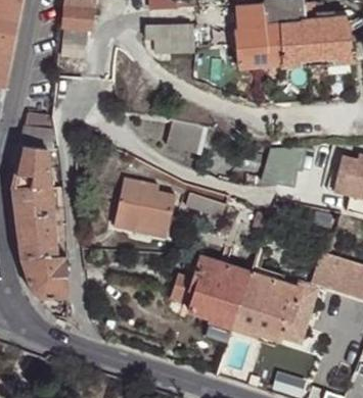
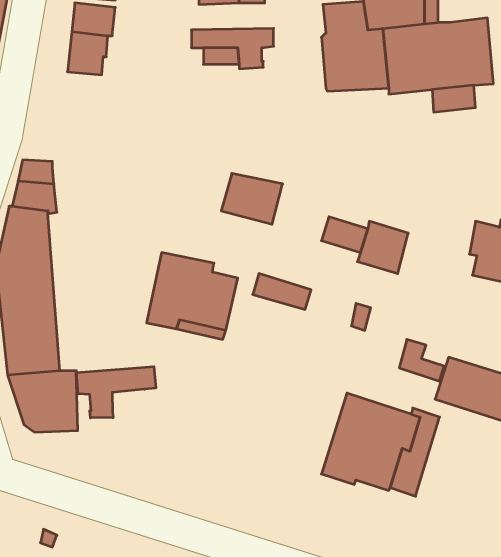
building: none -> [76,367,156,418]
building: [171,258,252,329] -> none

